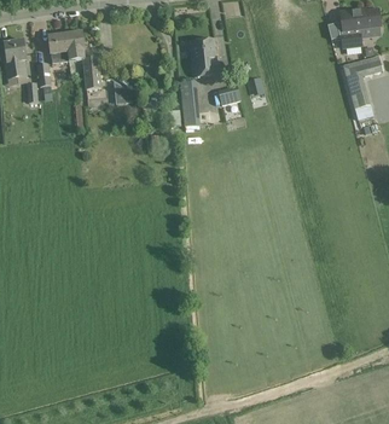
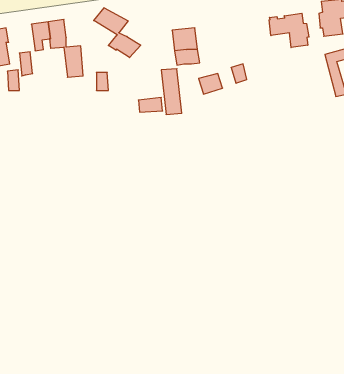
building: none -> [94,8,141,58]
building: none -> [269,13,309,48]

